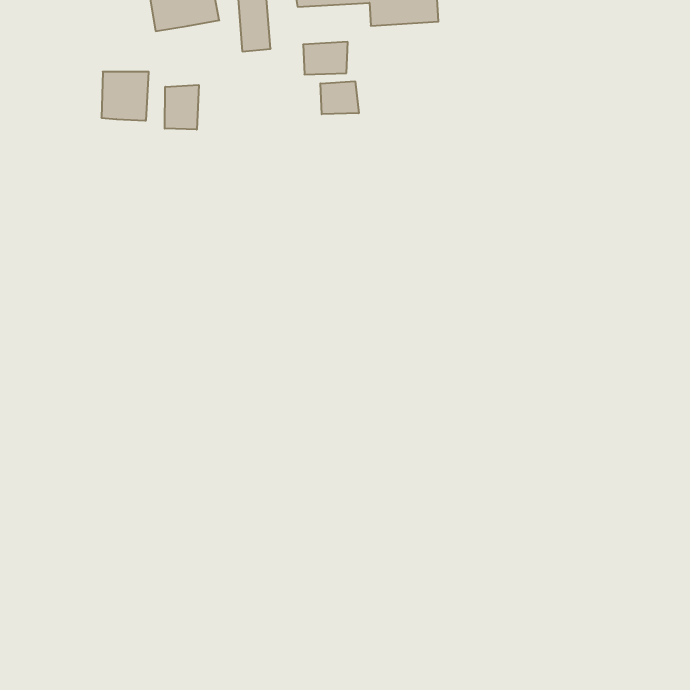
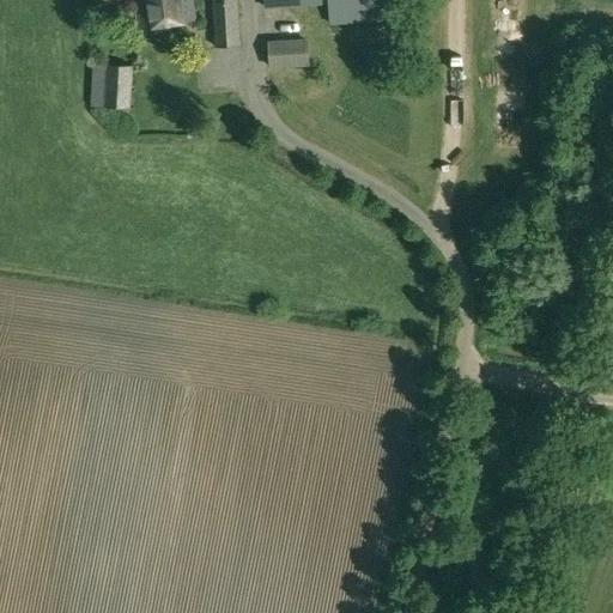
building: [320,81,359,114] -> none
building: [165,85,199,130] -> none

